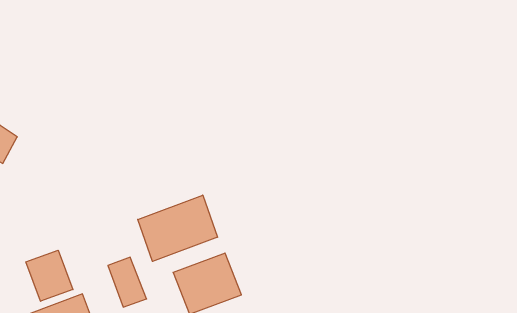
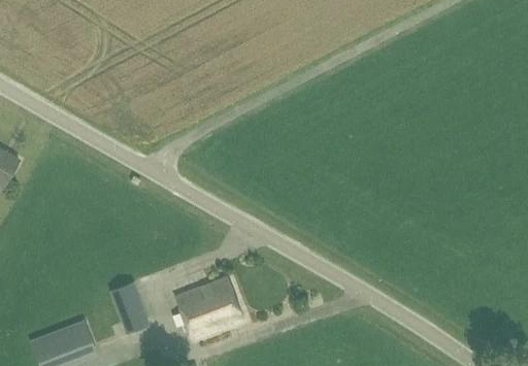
building: [138,195,218,261] -> none
building: [26,250,73,301] -> none

